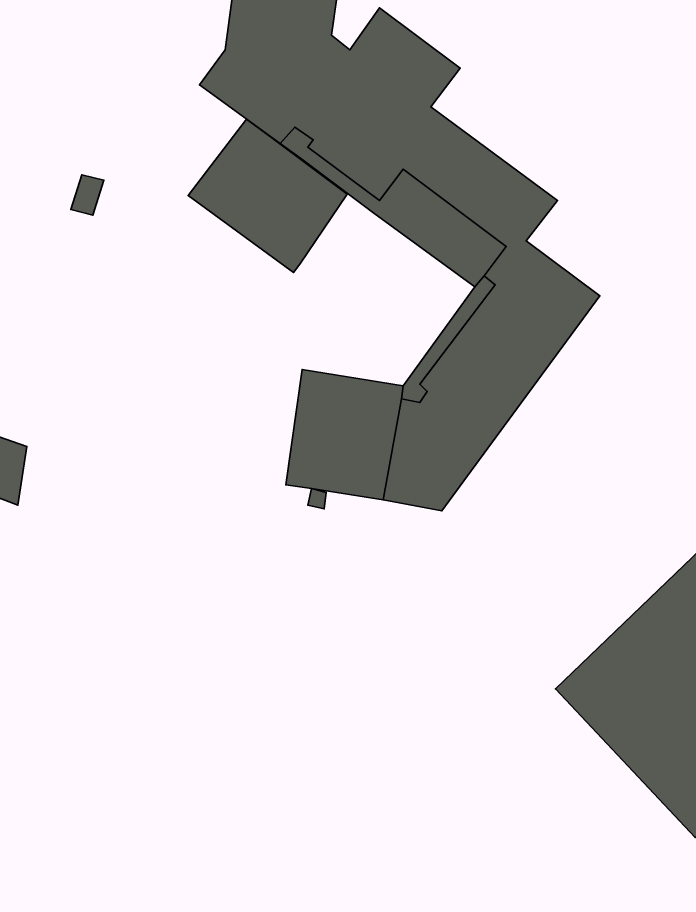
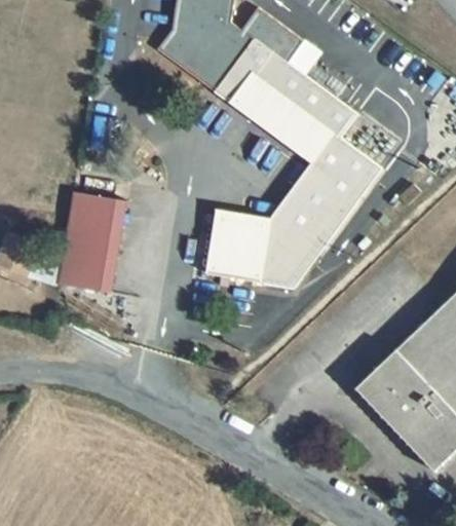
building: [188,119,347,272] -> none
building: none -> [63,193,125,293]

